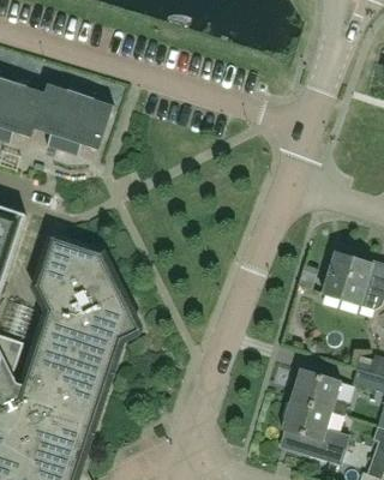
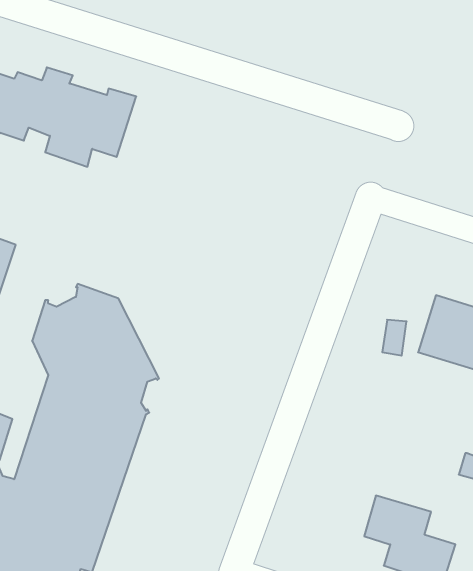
building: [290,368,346,414] -> none

